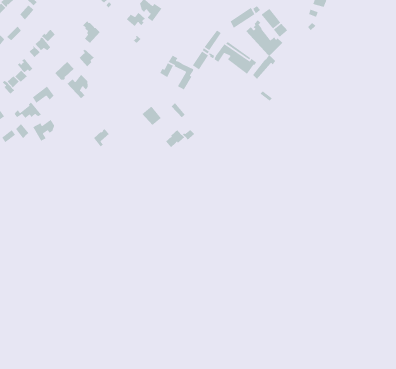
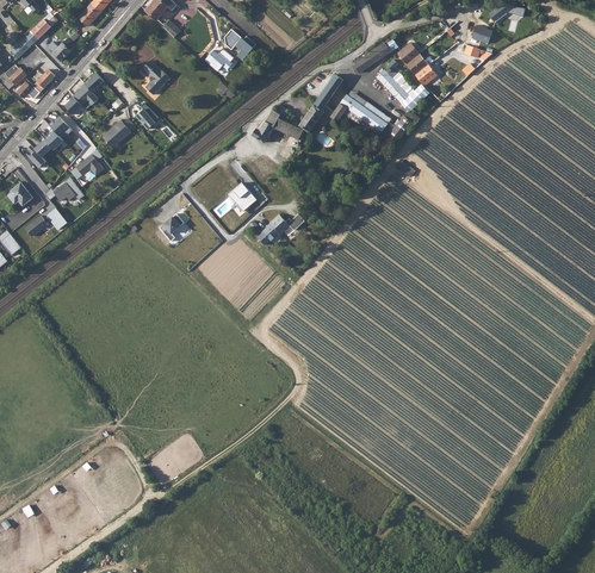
building: [66,74,88,99] -> none
building: [32,119,55,142] -> none

